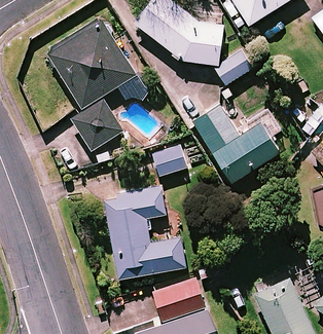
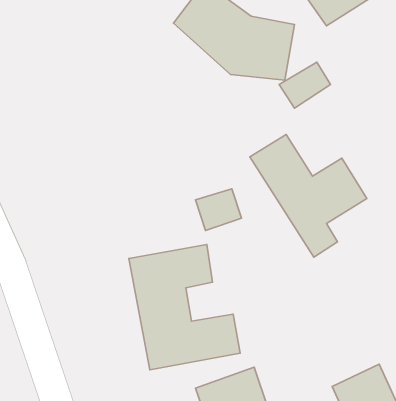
building: [48,22,145,151] -> none

